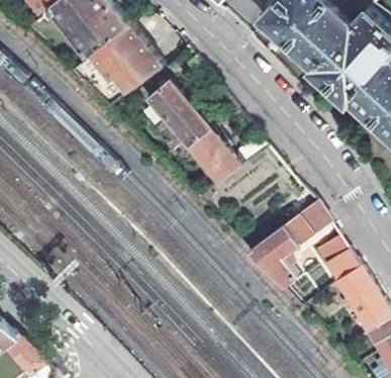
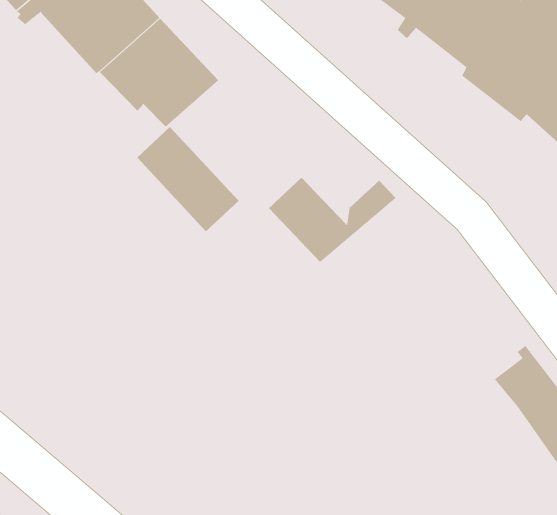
building: [146,81,209,149] -> [136,126,239,232]
building: [249,202,328,286] -> none

